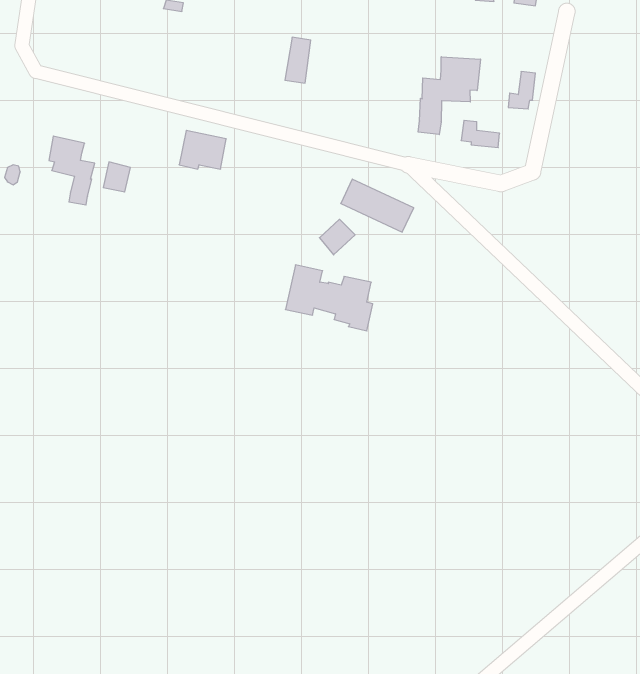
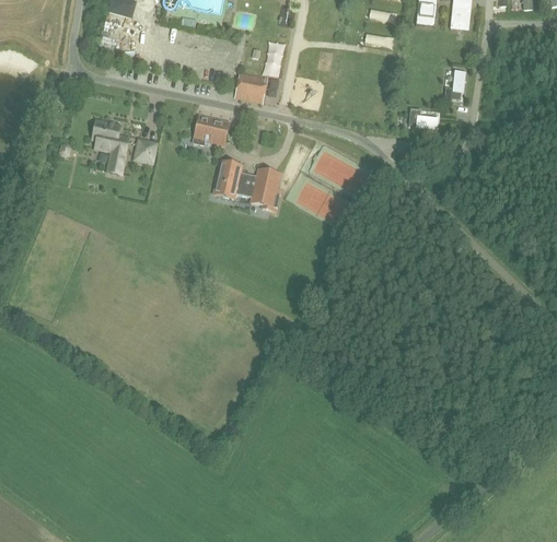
building: [418,57,480,135] -> none
building: none -> [233,72,266,102]
building: [285,265,373,331] -> [212,160,279,210]

